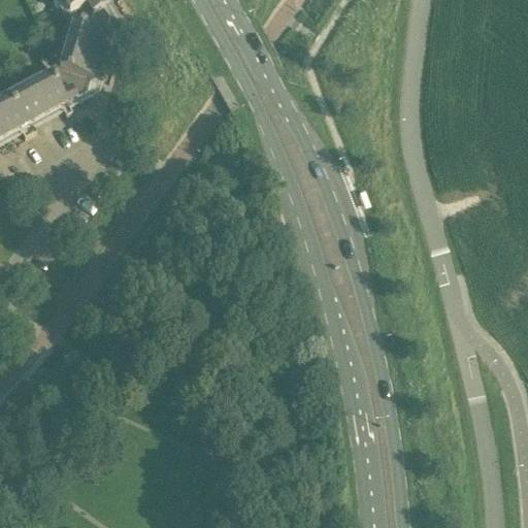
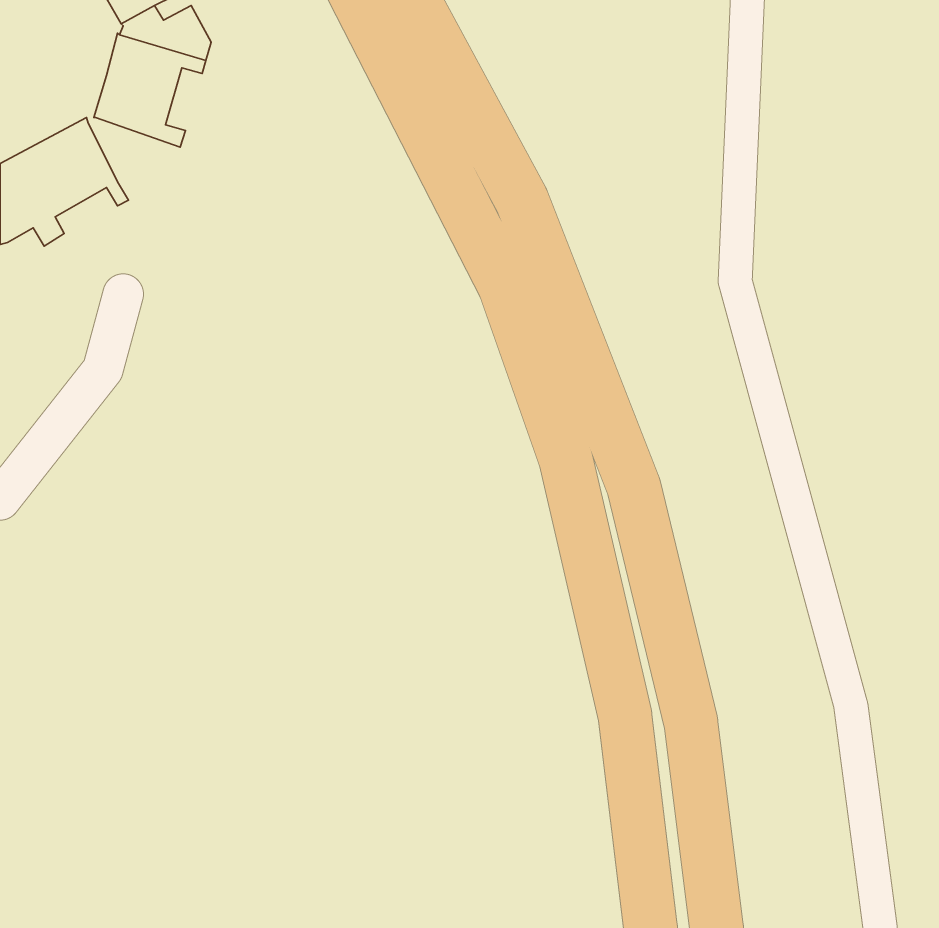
building: [50,66,101,102] -> none

